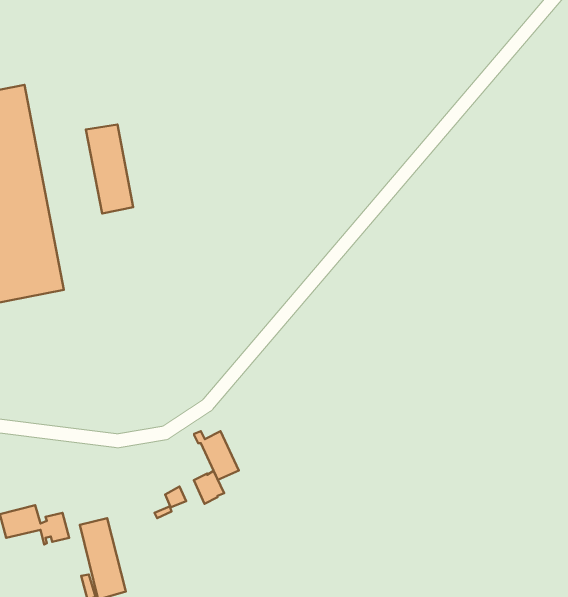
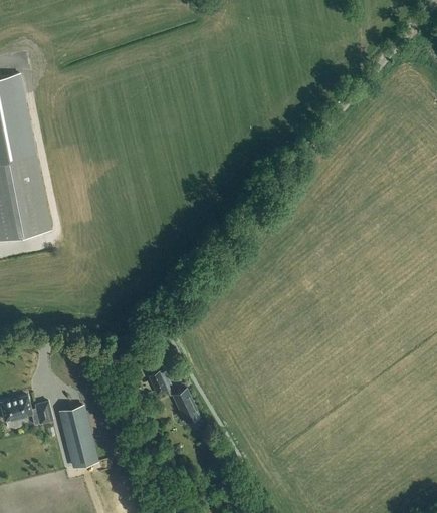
building: [86,125,133,213] -> none
building: [194,431,239,480] -> [168,388,202,425]

